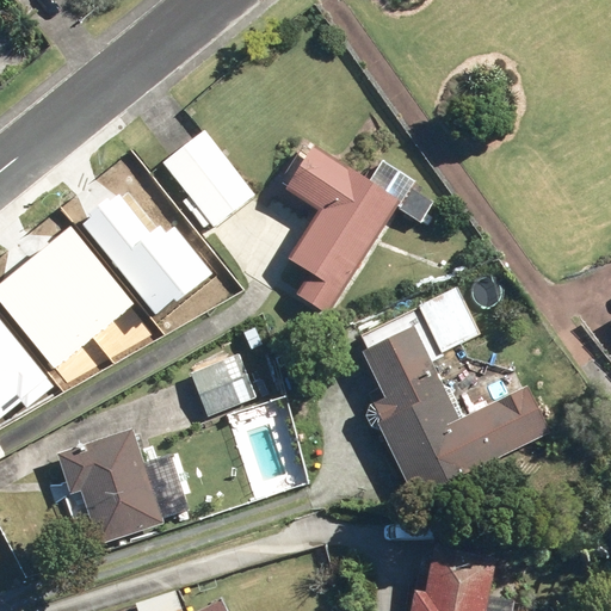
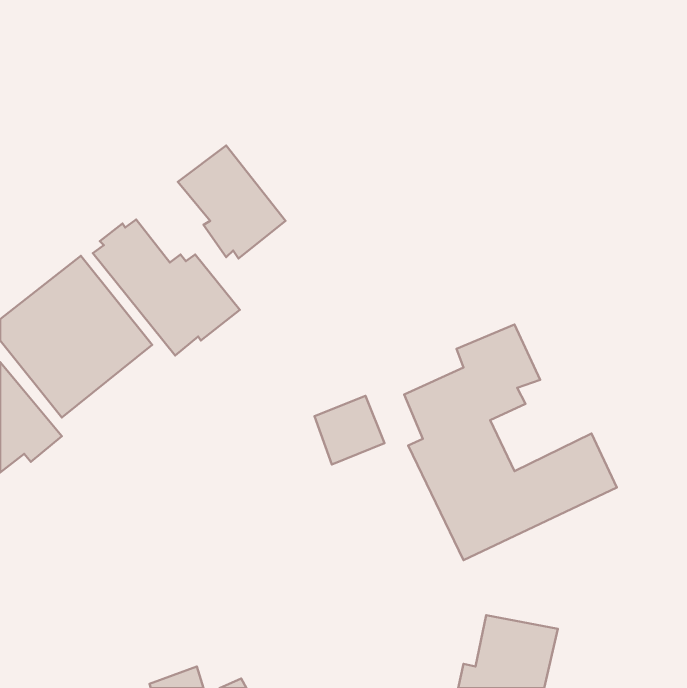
building: [282,143,431,314] -> none
building: [189,354,251,415] -> [314,396,384,465]
building: [55,430,192,545] -> none

